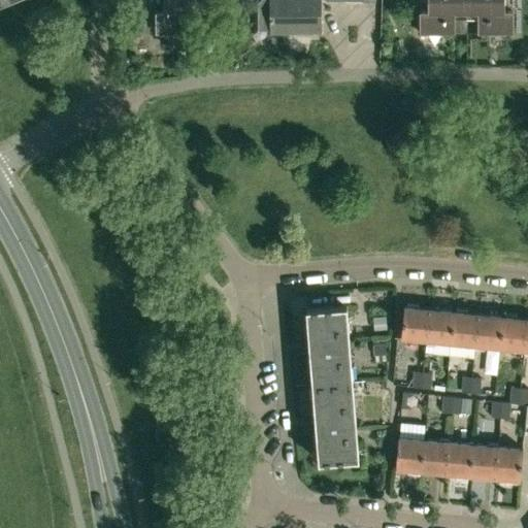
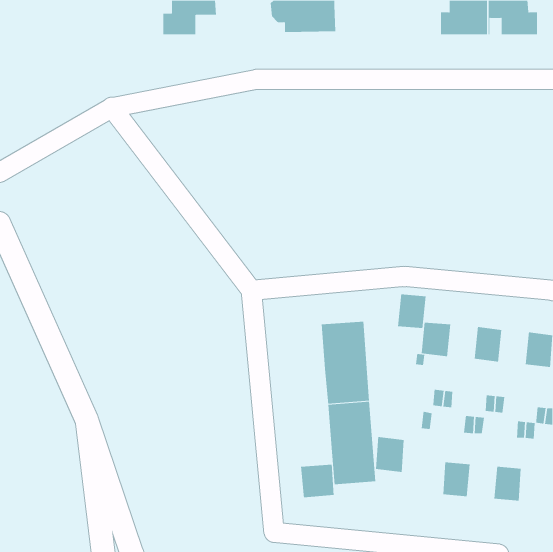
building: [426,310,454,343] -> [397,294,427,329]
building: [474,316,502,349] -> none
building: [395,438,423,472] -> [375,437,405,472]
building: none -> [300,464,334,498]
building: [444,443,472,476] -> none
building: [494,448,522,482] -> none

